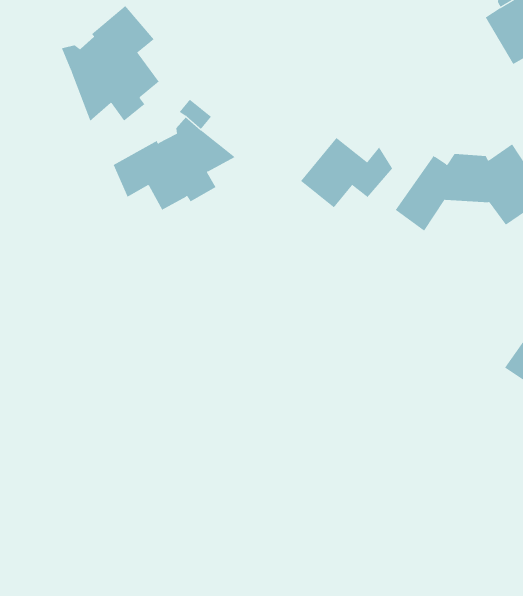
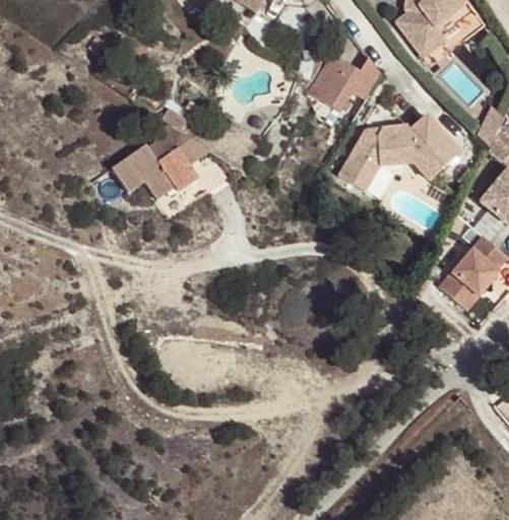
building: [61,5,160,122] -> none
building: [300,137,393,208] -> [311,56,383,112]

